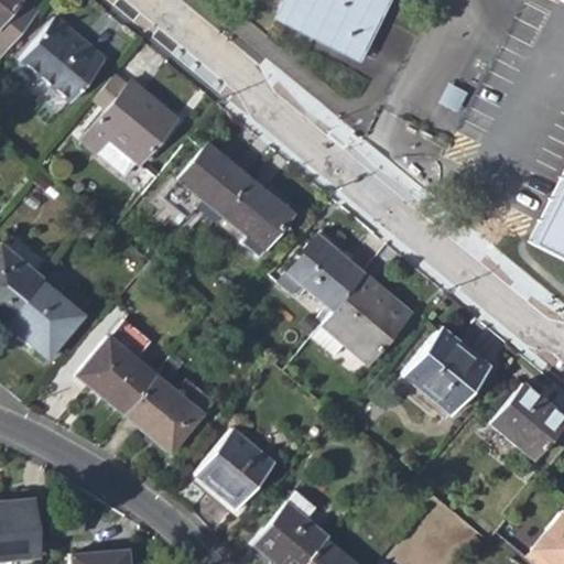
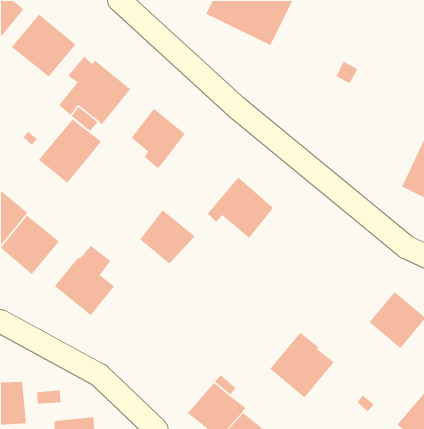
building: none -> [38,118,102,184]
building: [220,176,294,249] -> [139,209,195,265]
building: [314,273,412,364] -> none
building: [404,327,490,414] -> [269,332,335,398]
building: [127,376,203,453] -> none
building: [198,427,278,510] -> none

